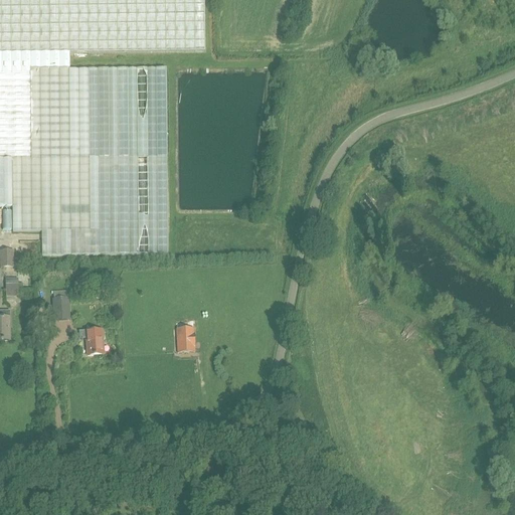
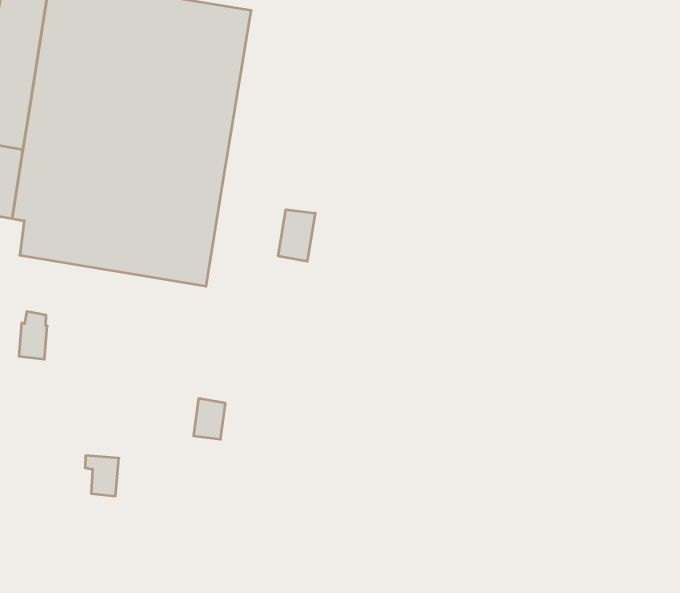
building: none -> [278,210,315,261]
building: [79,328,104,354] -> [85,456,119,496]

